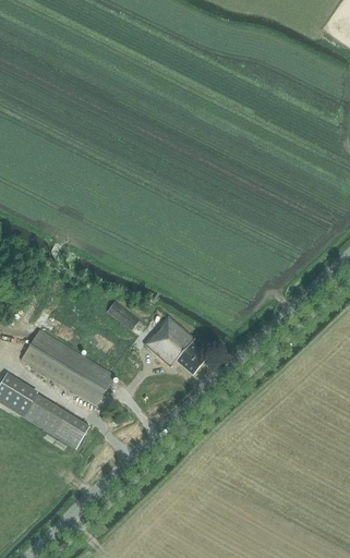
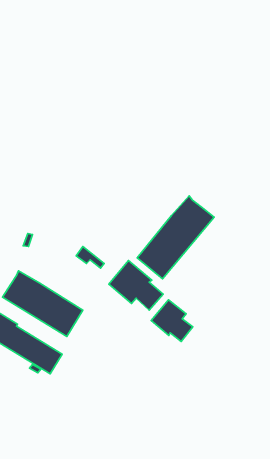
building: none -> [137,196,214,279]
building: none -> [151,300,193,341]

